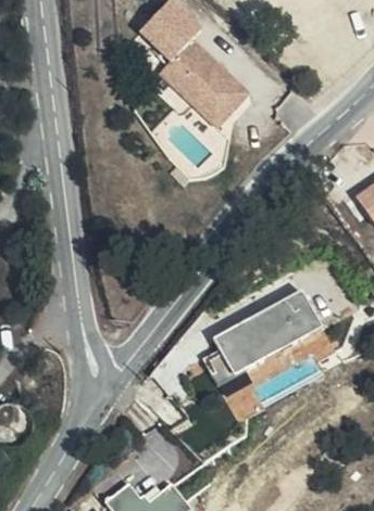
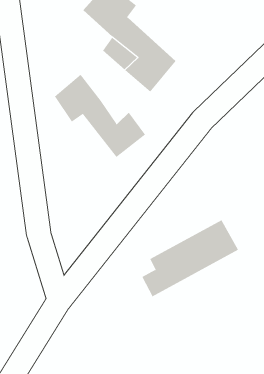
building: none -> [54,74,146,158]

